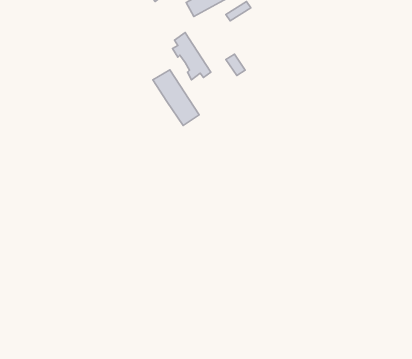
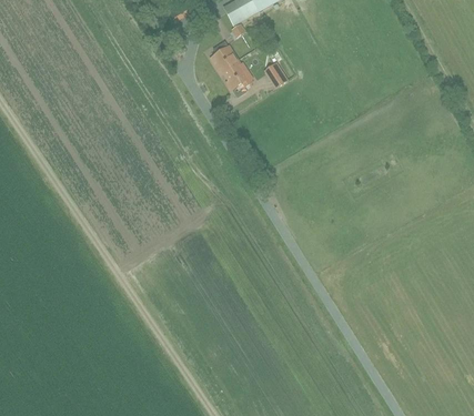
building: [153,70,199,126] -> none

